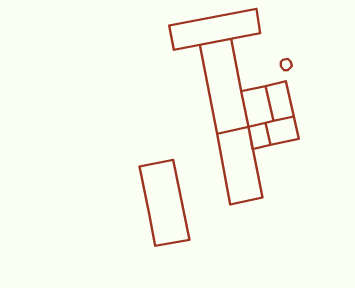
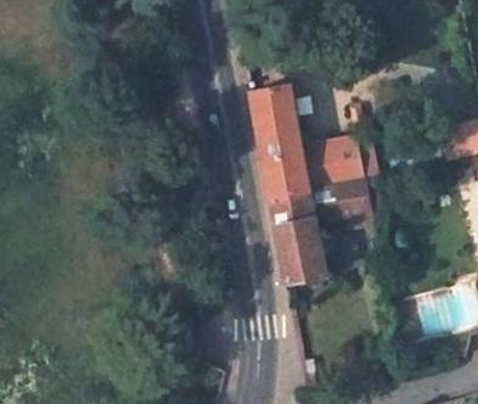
building: [169,9,260,50] -> none
building: [140,160,189,246] -> none

